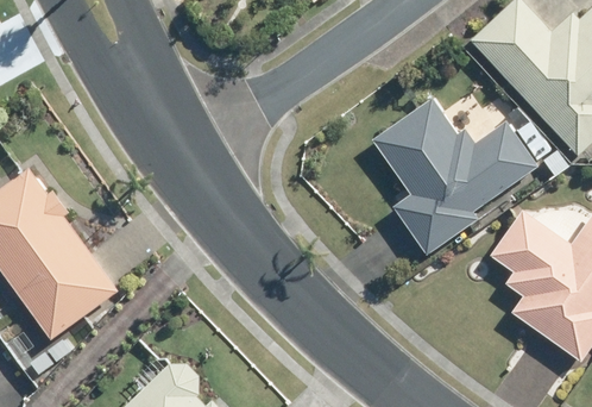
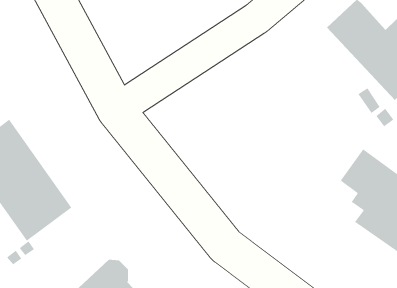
building: [376,102,536,248] -> none

